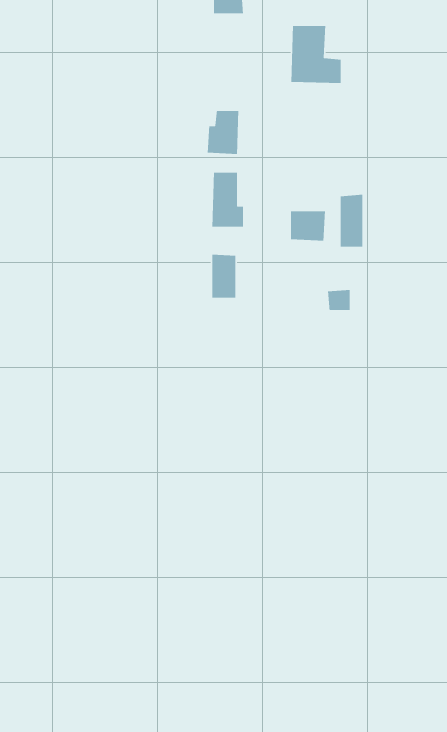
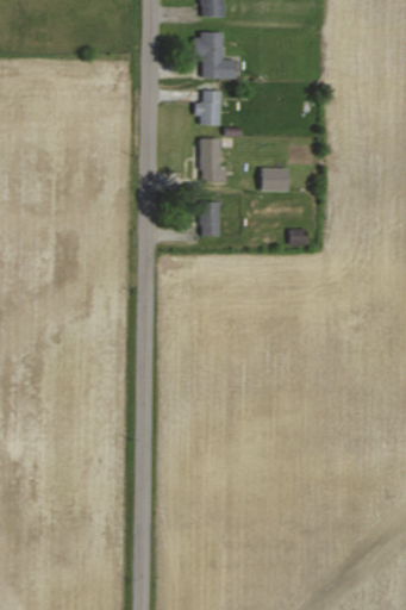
building: [291,25,342,84] -> [198,33,237,79]
building: [340,194,363,247] -> none

